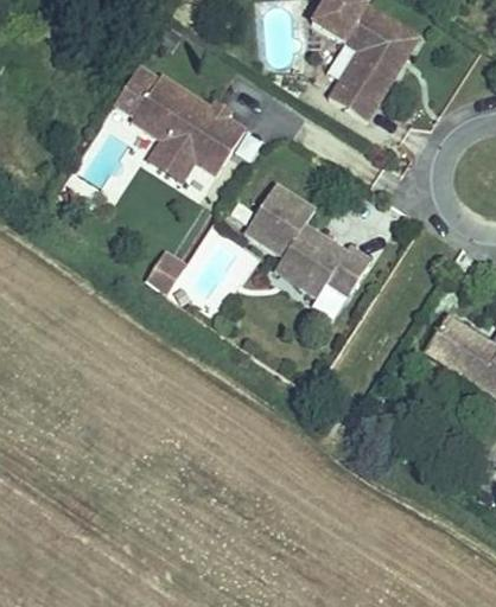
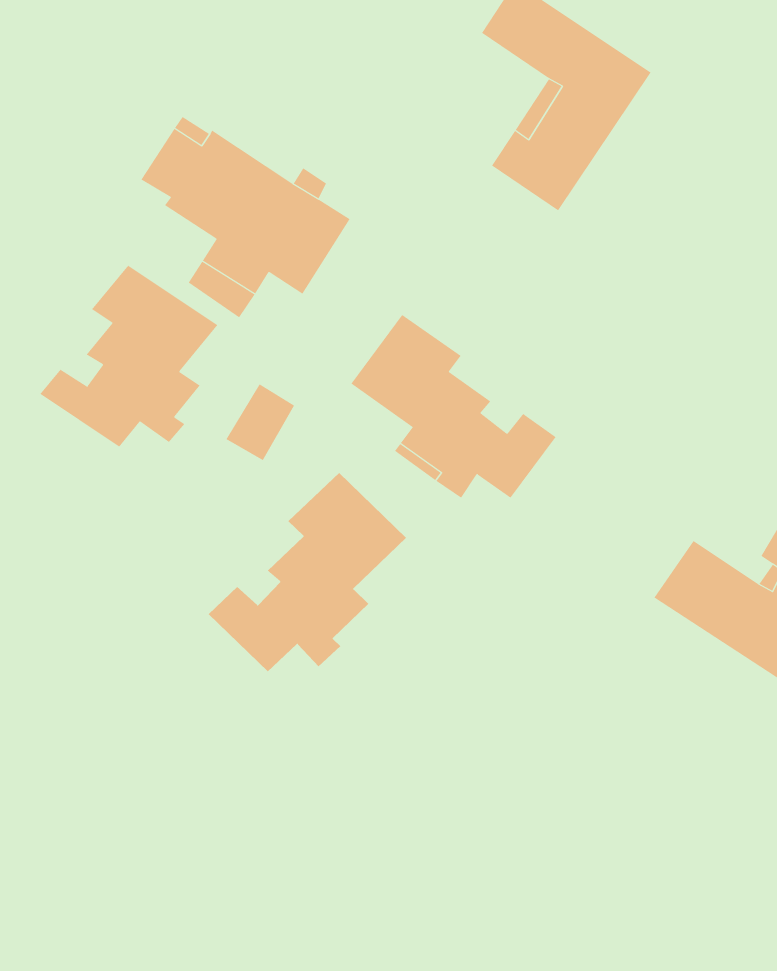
building: none -> [40,265,218,447]
building: none -> [208,472,407,672]

